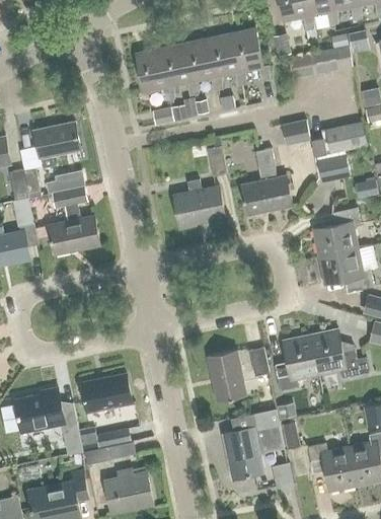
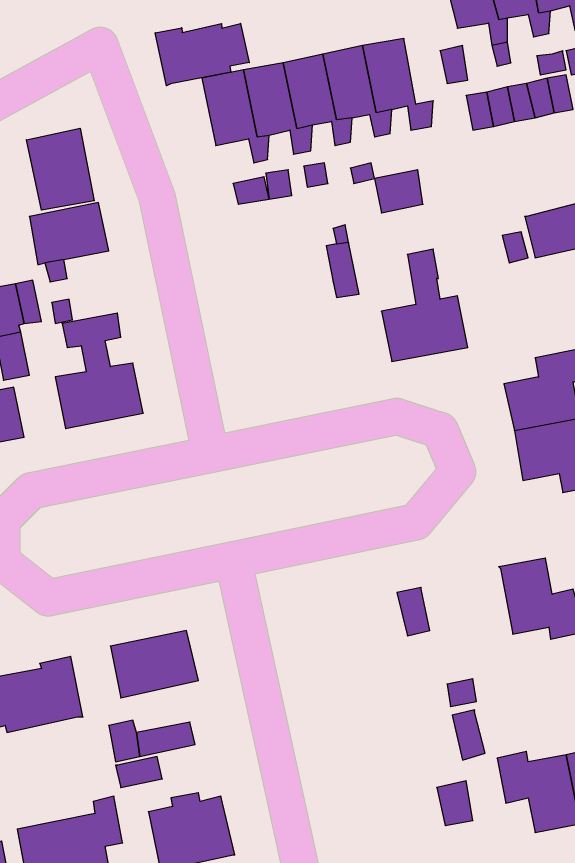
building: none -> [155,23,249,86]
building: none -> [26,128,94,210]
building: [281,118,309,143] -> [375,170,423,213]
building: [317,154,349,181] -> none
building: [172,181,226,230] -> none
building: [275,337,317,390] -> none
building: [208,351,246,401] -> none
building: [224,411,284,478] -> none
building: [62,421,83,454] -> none

